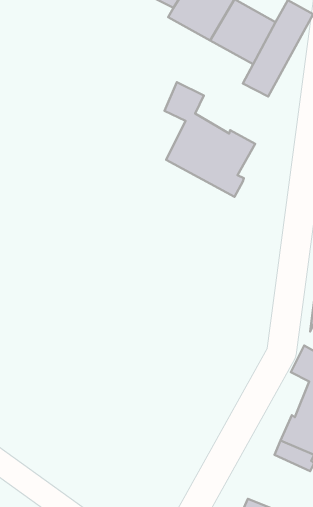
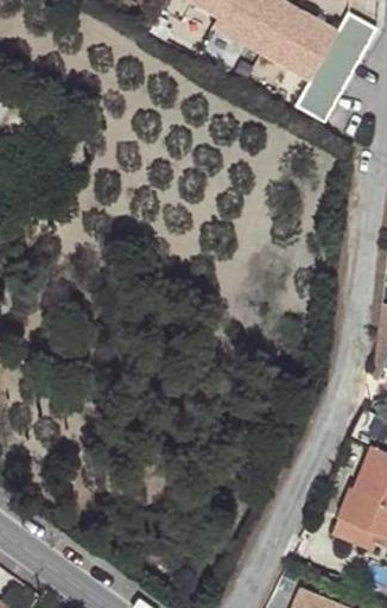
building: [165,82,255,197] -> none

